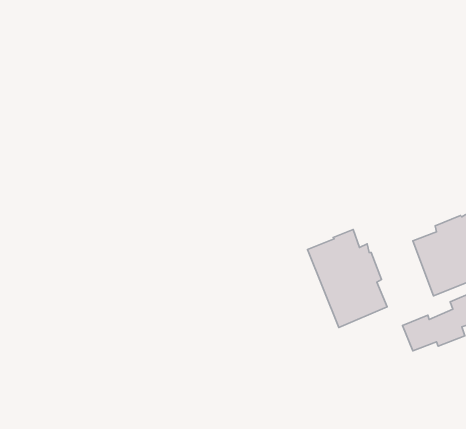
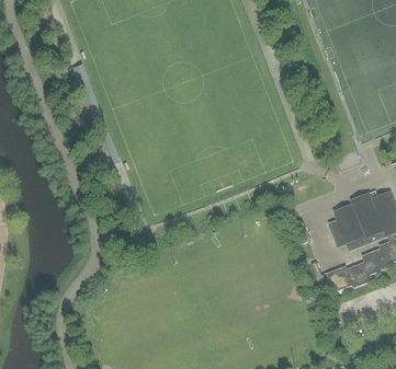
building: [308,230,387,327] -> none

